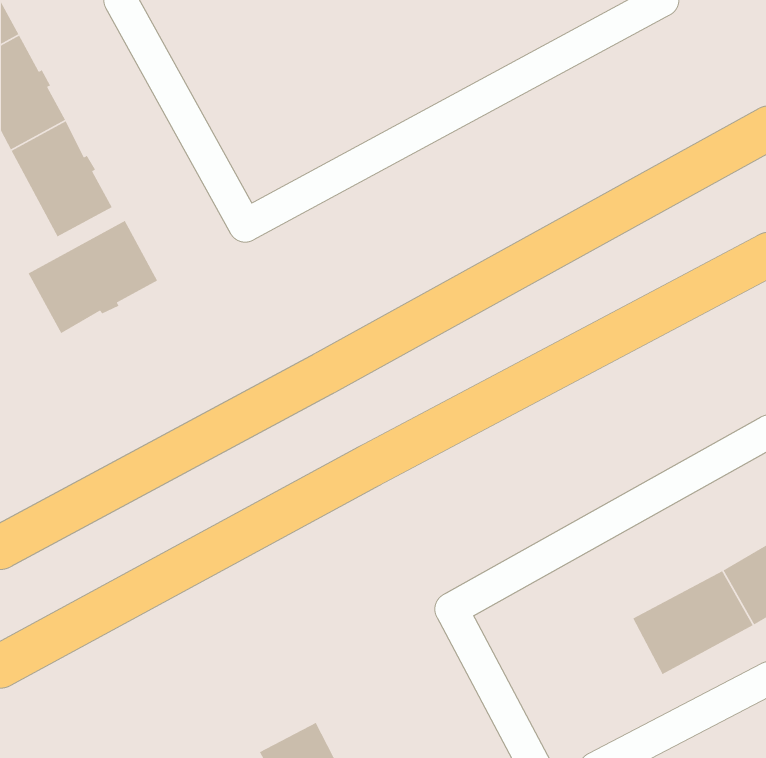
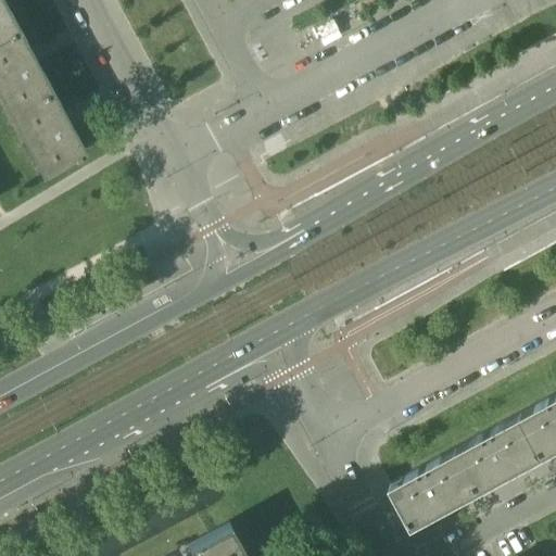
building: [28,220,158,334] -> none
building: none -> [393,454,480,531]

